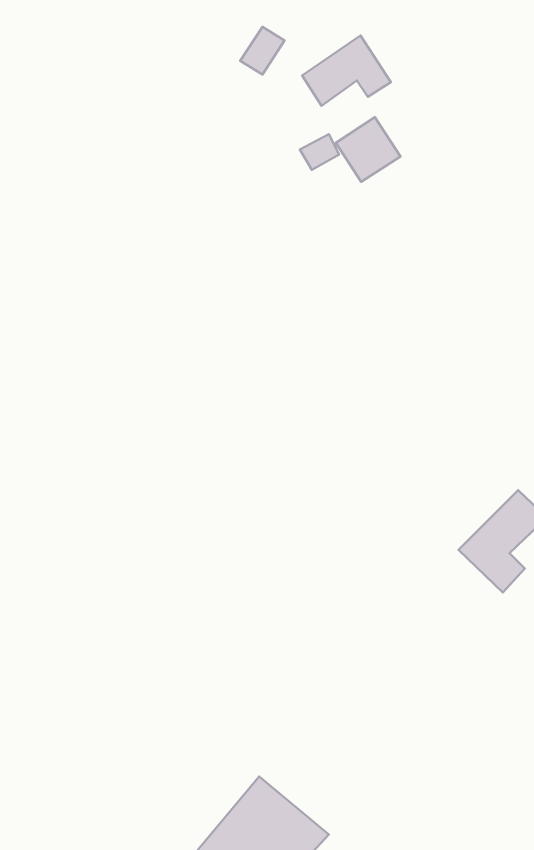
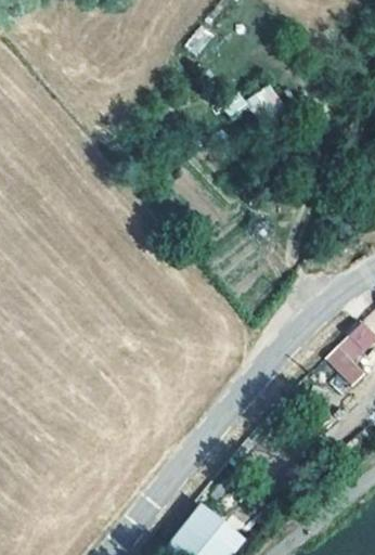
building: [302,35,391,106] -> none

